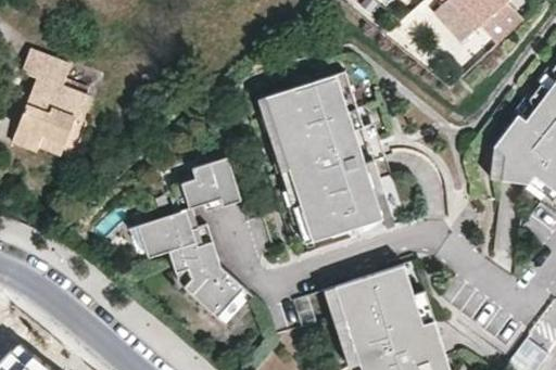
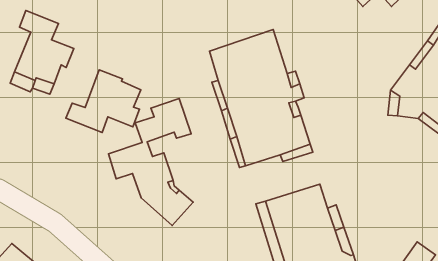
building: none -> [66,70,141,132]

